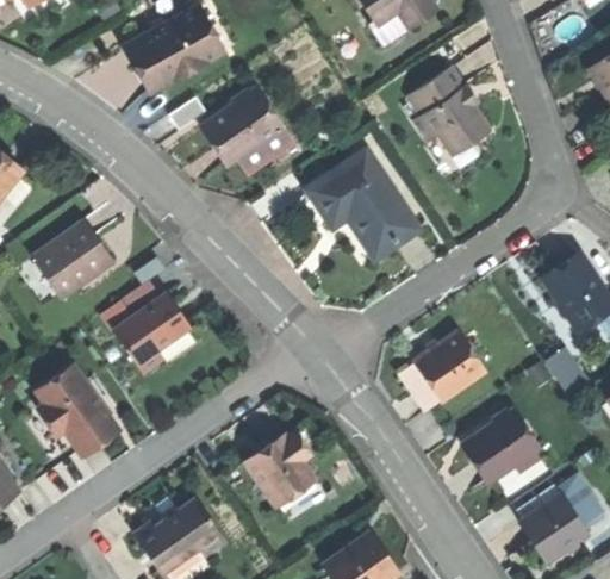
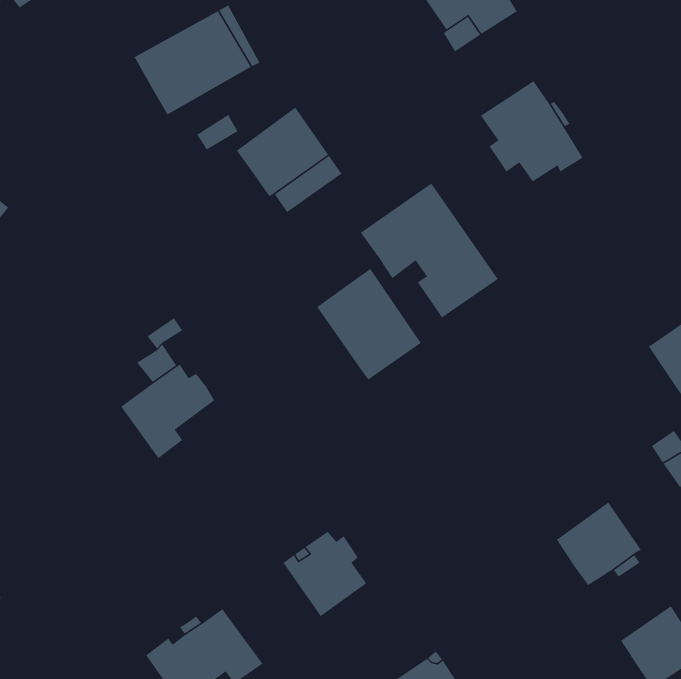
building: none -> [316,268,422,381]
building: [31,222,112,299] -> none
building: [412,331,484,403] -> none
building: [33,365,112,452] -> none

